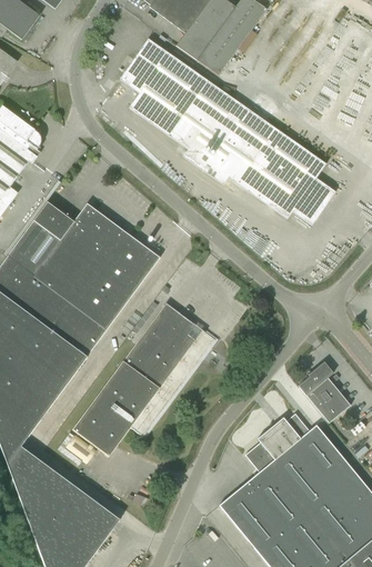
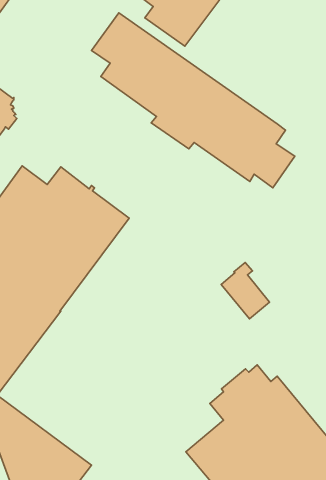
building: [66,302,215,462] -> none
building: [299,362,350,422] -> [221,262,269,319]

